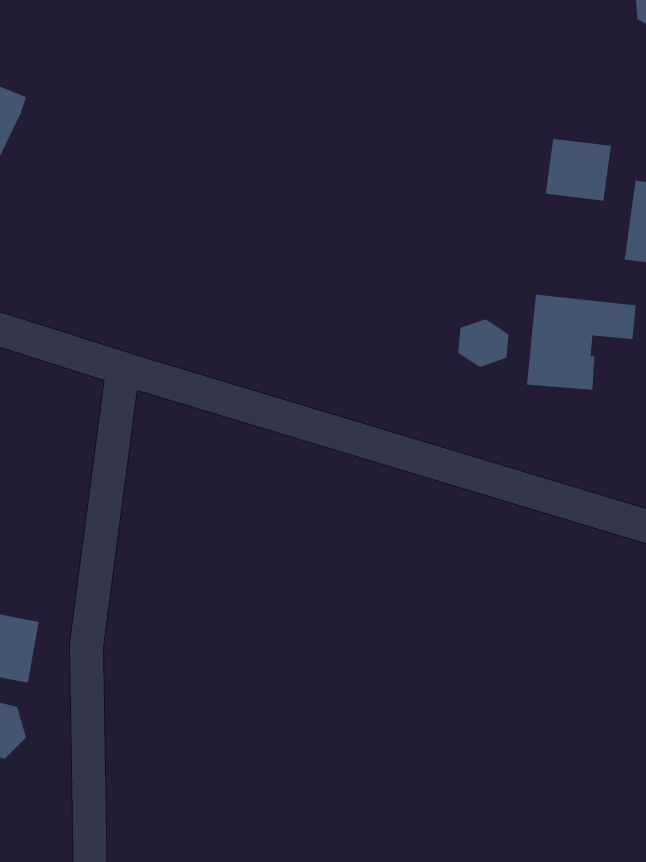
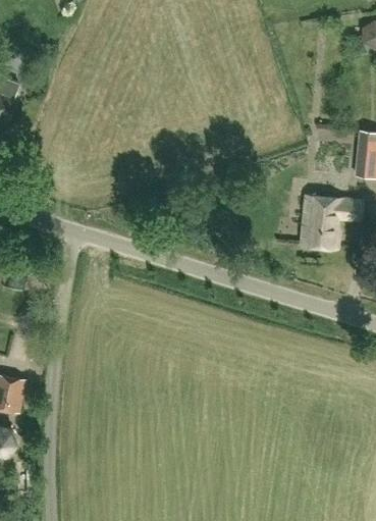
building: [545,138,611,201] -> none
building: [458,318,509,368] -> none

